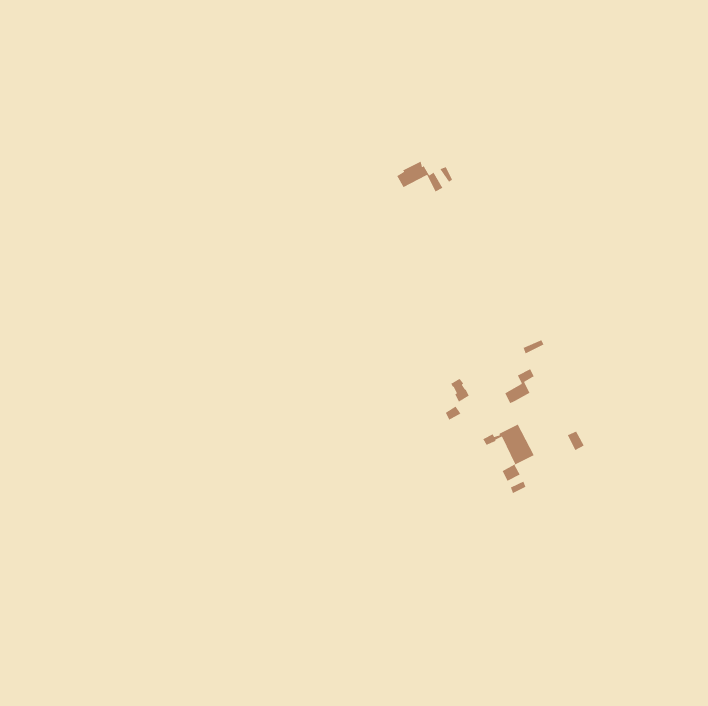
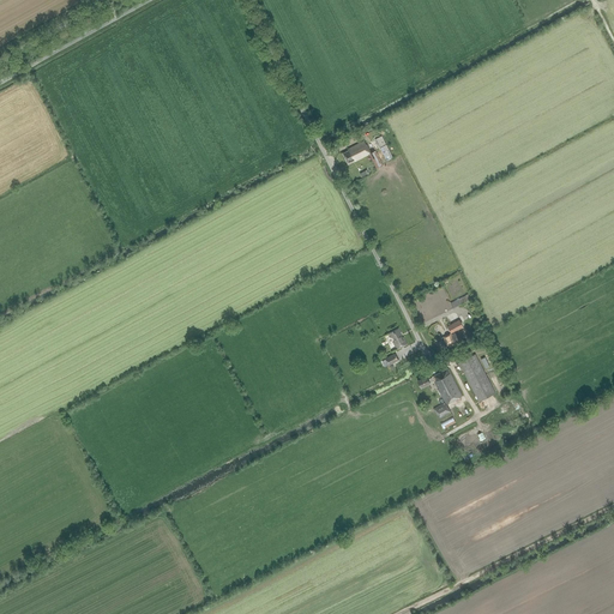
building: none -> [458,353,495,401]

